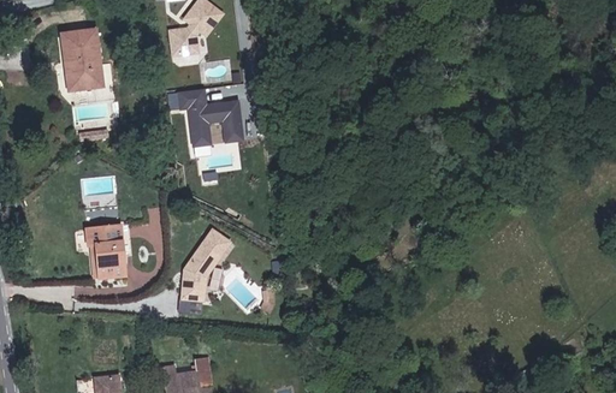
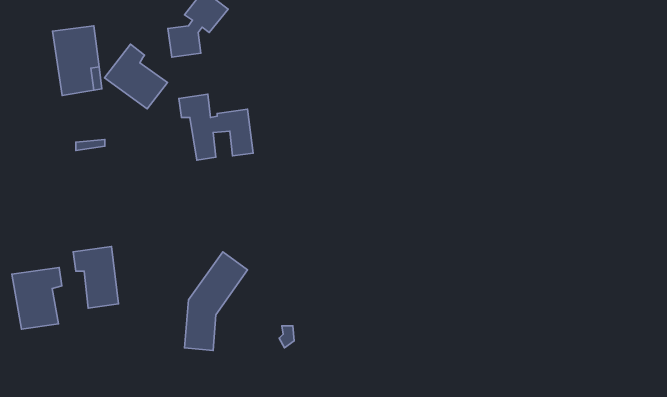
building: none -> [104,44,167,109]
building: none -> [12,267,62,329]

